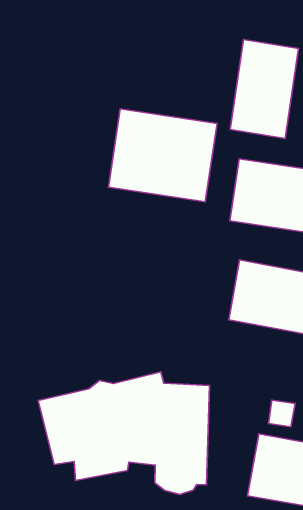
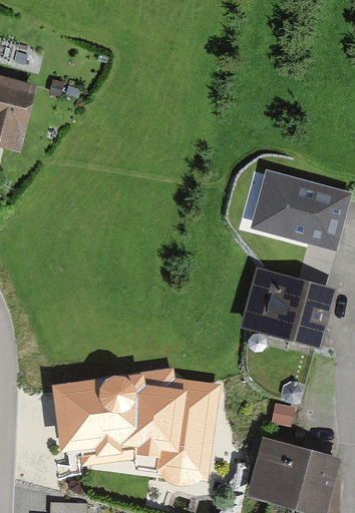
building: [230,40,299,139] -> none
building: [109,109,217,202] -> none

